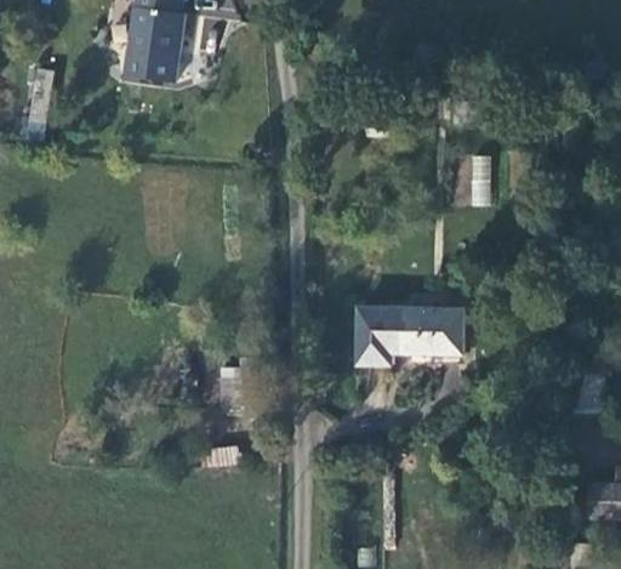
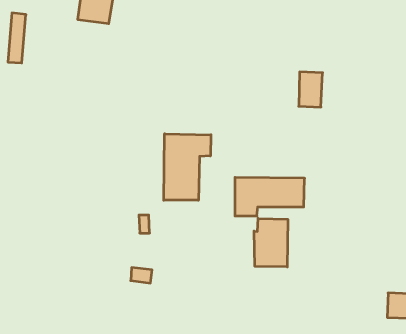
building: none -> [164,134,211,200]
building: none -> [254,218,288,267]

